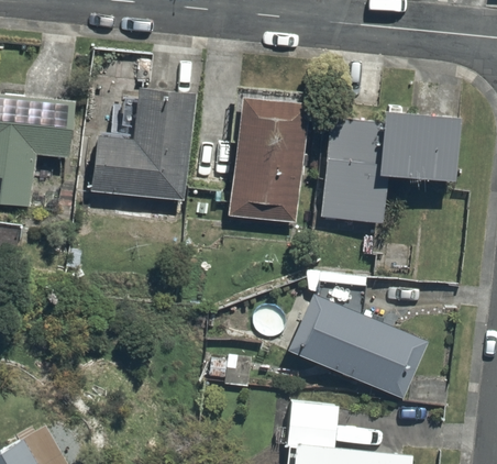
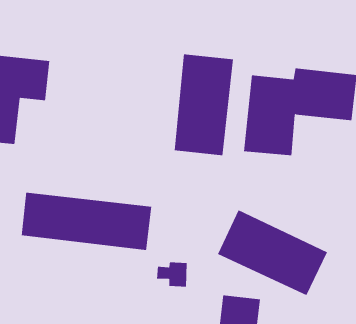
building: [89,84,192,205] -> none
building: none -> [21,192,152,251]

